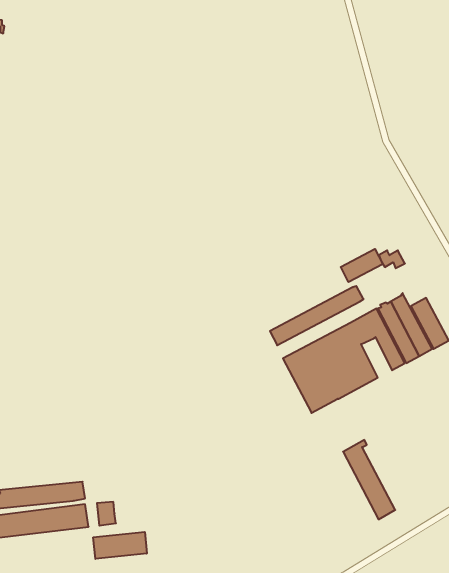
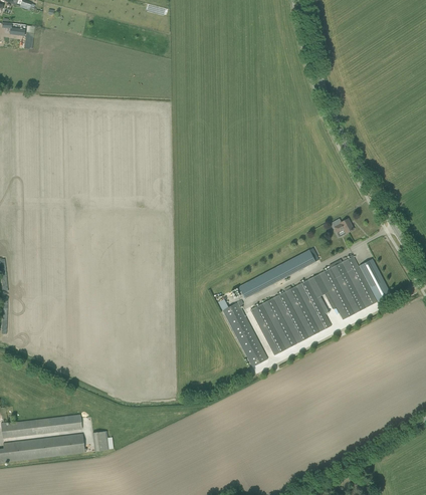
building: [341,249,383,282] -> none
building: [343,440,395,519] -> [222,300,266,367]
building: [93,532,147,559] -> none

